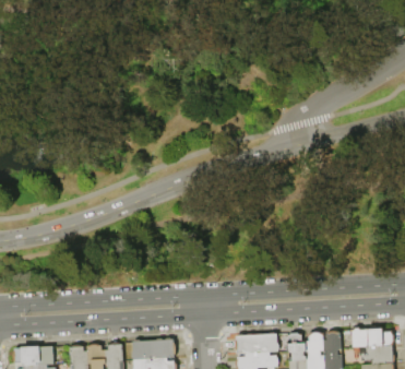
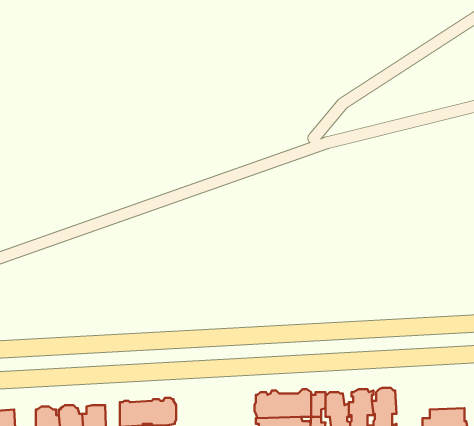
building: [350,326,393,348] -> none

